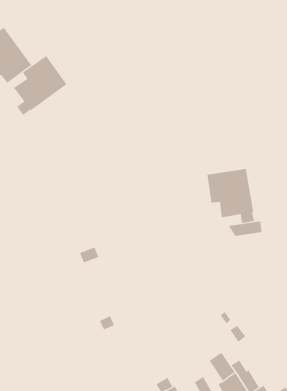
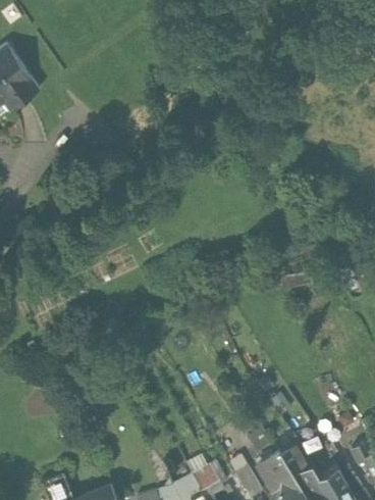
building: [13,55,67,116] -> none
building: [207,168,254,224] -> none

